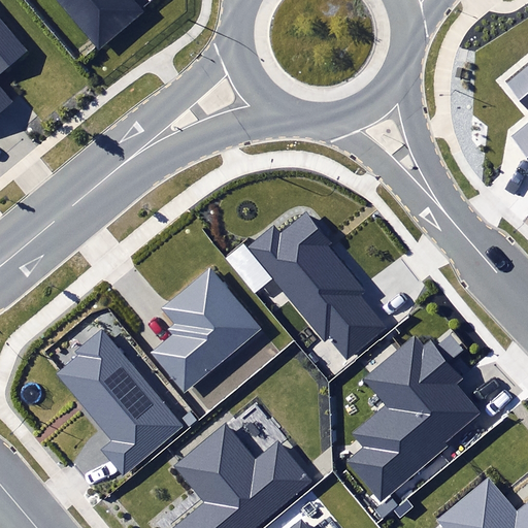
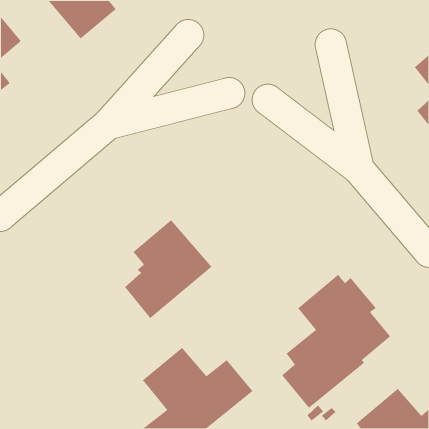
building: [246,211,386,358] -> none
building: [56,330,183,475] -> none

